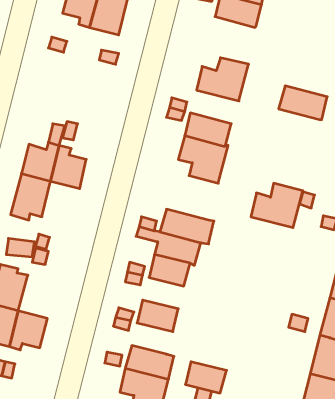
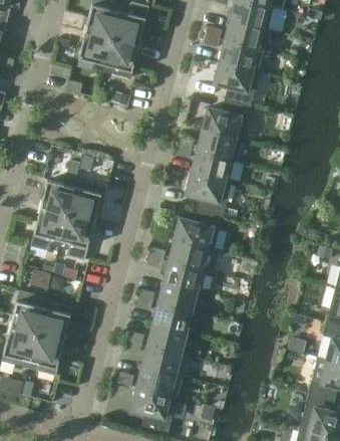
building: none -> [214,60,260,104]
building: [279,86,327,120] -> [197,129,242,160]
building: none -> [59,213,94,258]
building: [251,183,303,228] -> [175,208,223,249]
building: none -> [37,300,73,341]
building: none -> [152,302,191,332]
building: [185,362,227,393] -> [142,345,181,374]

